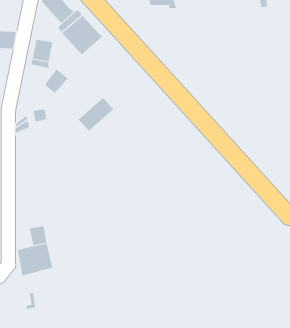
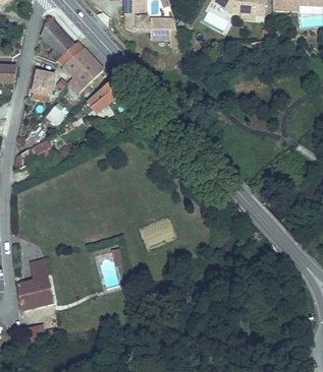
building: [78,97,114,132] -> [87,79,123,114]

